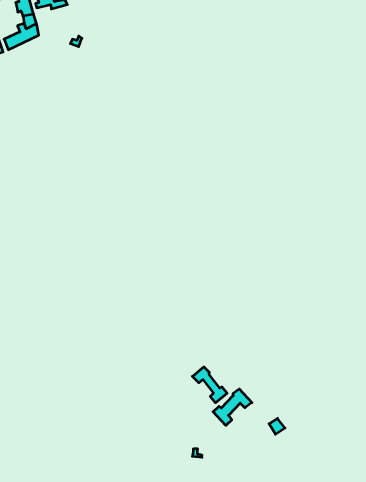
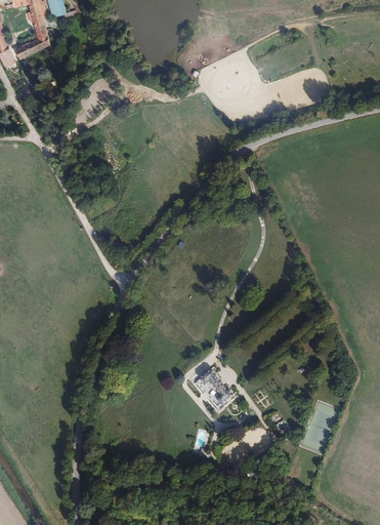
building: [213,389,252,425] -> none

